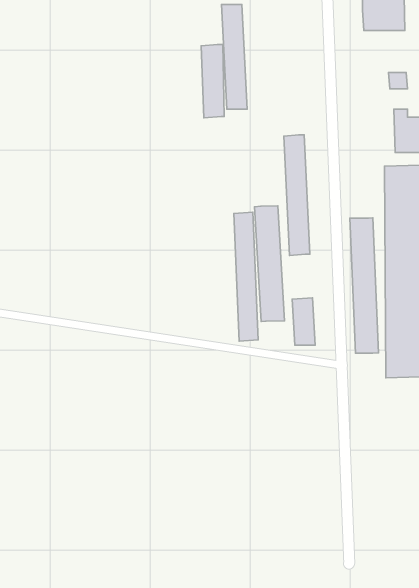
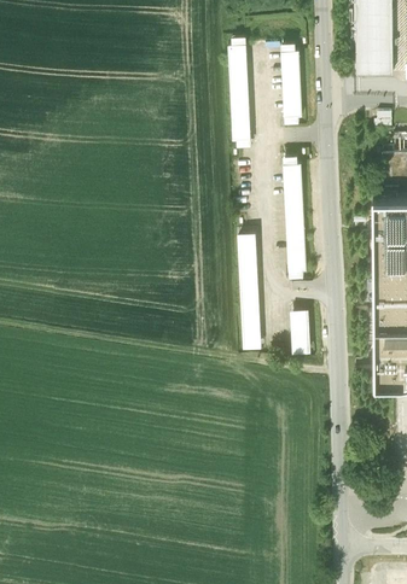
building: [201,44,224,118] -> [281,54,302,119]
building: [255,206,284,322] -> none
building: [350,218,379,353] -> none

